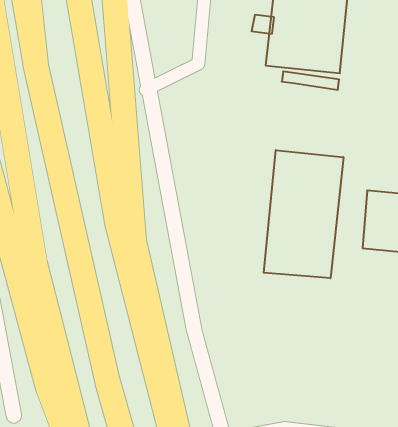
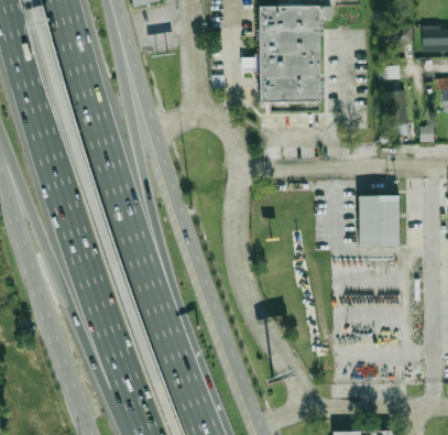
building: [264,150,343,278] -> none

